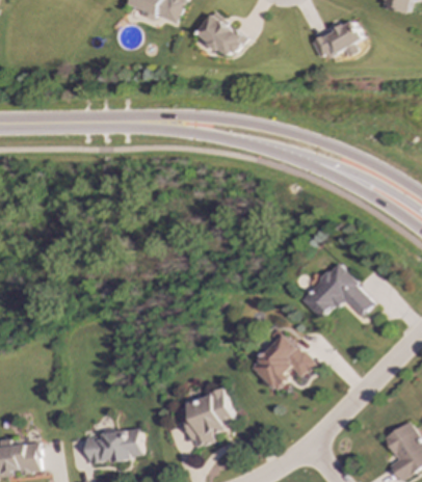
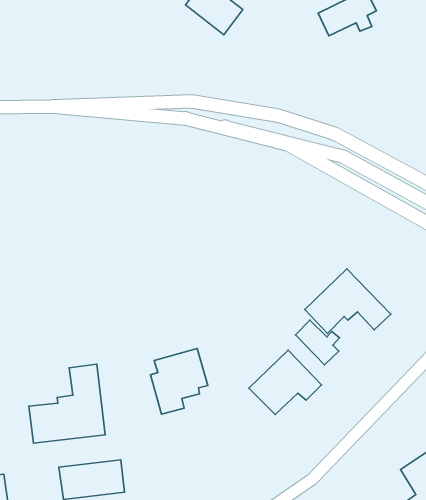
building: none -> [295,320,340,365]
building: none -> [29,364,105,443]
building: [184,390,234,447] -> [151,348,208,414]

